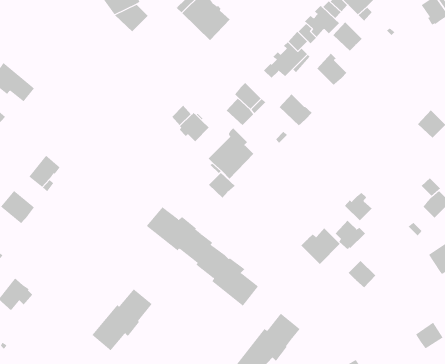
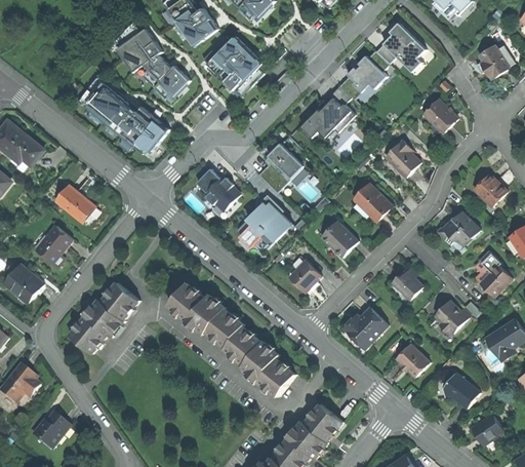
building: none -> [153,65,190,99]
building: none -> [75,74,169,154]
building: [332,22,363,51] -> [423,99,457,132]
building: [316,53,347,86] -> [386,140,420,177]
building: [279,94,312,126] -> [354,184,392,221]
building: none -> [55,185,95,223]
building: none -> [438,211,480,244]
building: none -> [321,221,357,257]
building: [208,172,235,198] -> [290,261,321,290]
building: [335,220,366,250] -> [435,300,470,334]
building: none -> [442,373,479,407]
building: [92,289,153,351] -> [70,282,138,353]
building: none -> [33,412,71,449]

